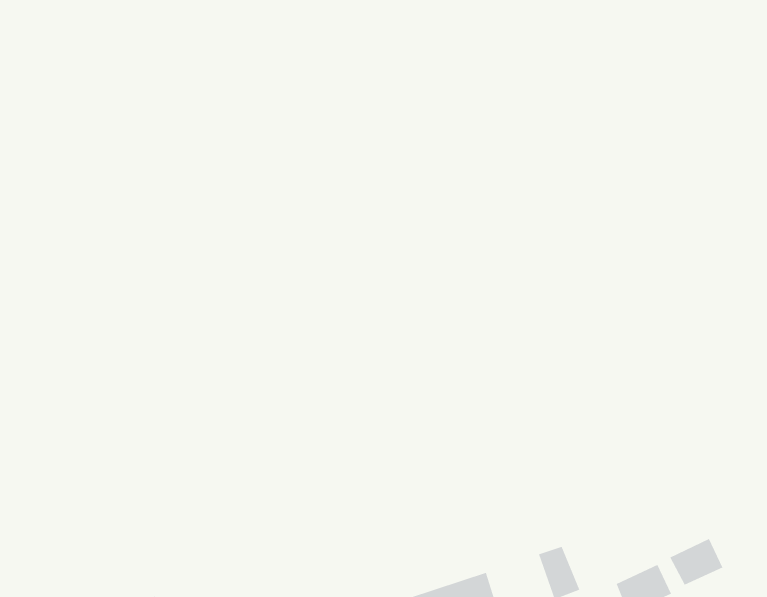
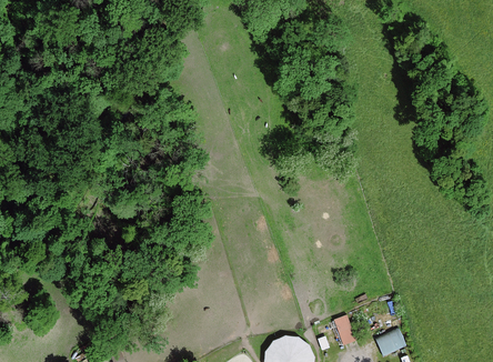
building: [669,538,723,585] -> none

